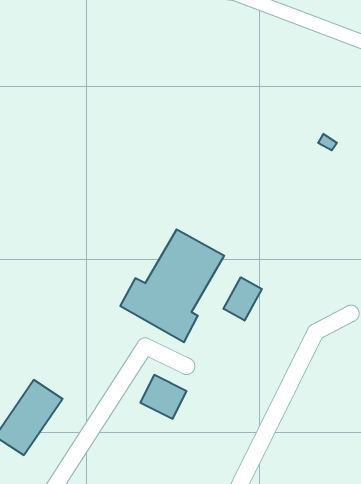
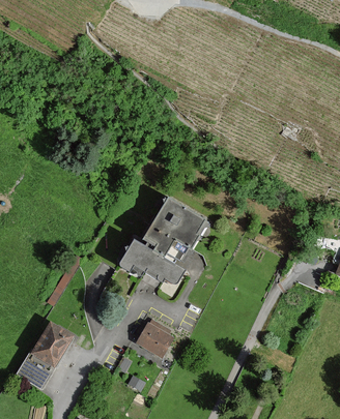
building: [223,277,262,321] -> none

